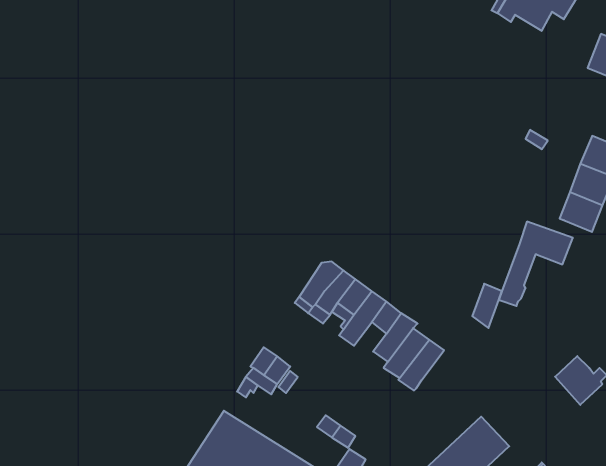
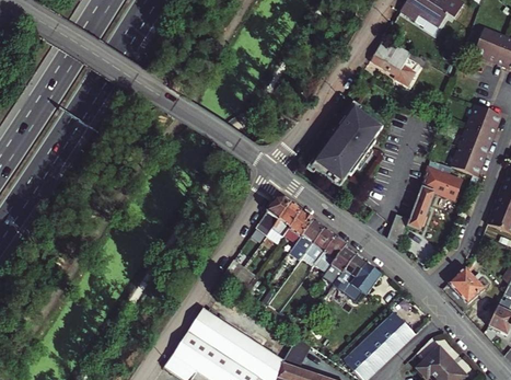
building: none -> [370,38,426,87]
building: none -> [313,106,383,186]
building: none -> [344,263,382,301]

